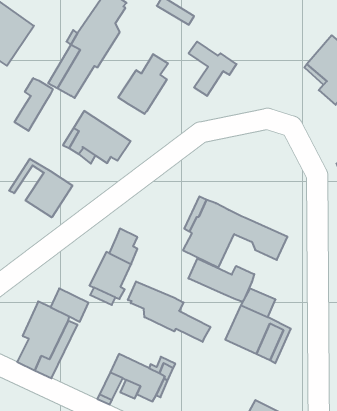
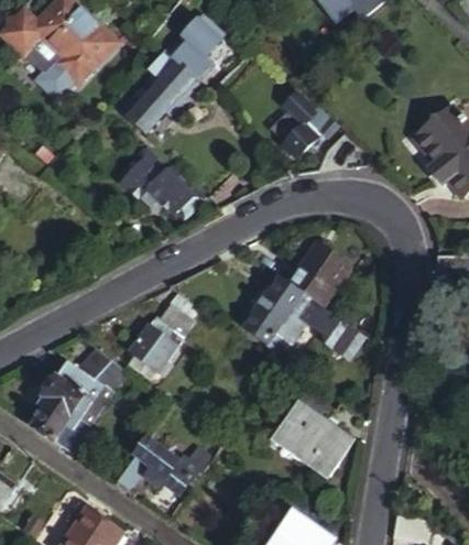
building: [118,54,168,114] -> none
building: [15,78,53,131] -> none
building: [9,159,72,217] -> none
building: none -> [288,240,348,303]
building: [188,259,254,302] -> none
building: [128,281,210,342] -> none

